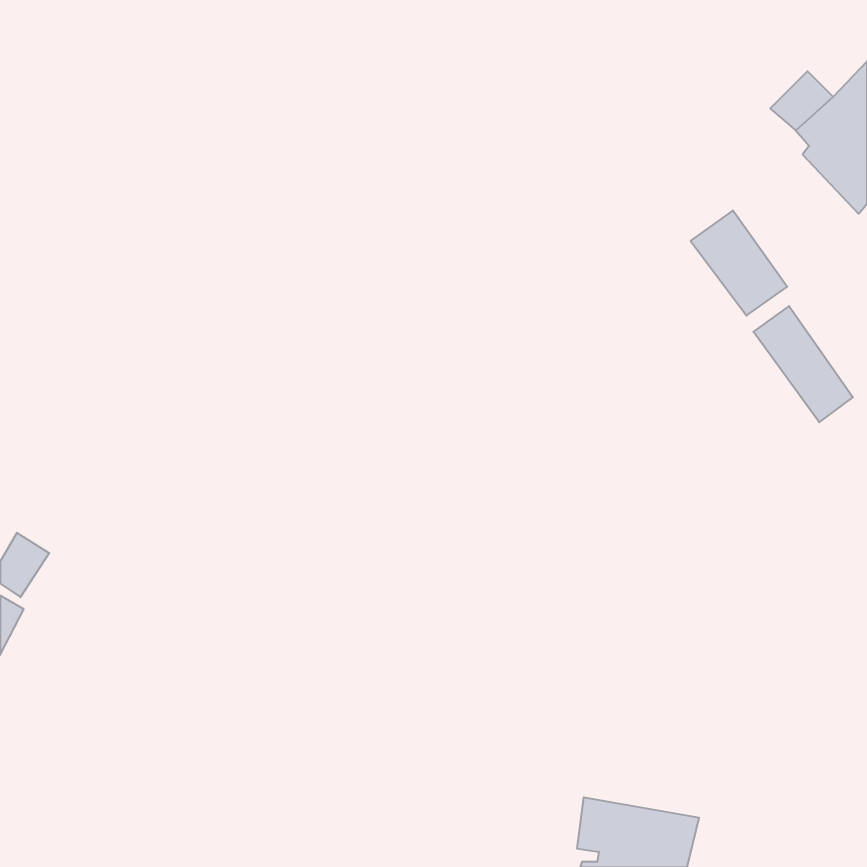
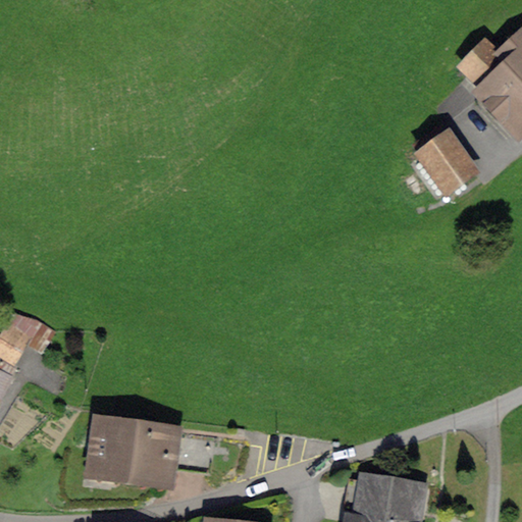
building: [753,306,853,422] -> none
building: none -> [95,425,215,480]

